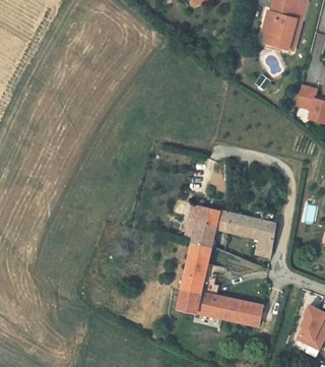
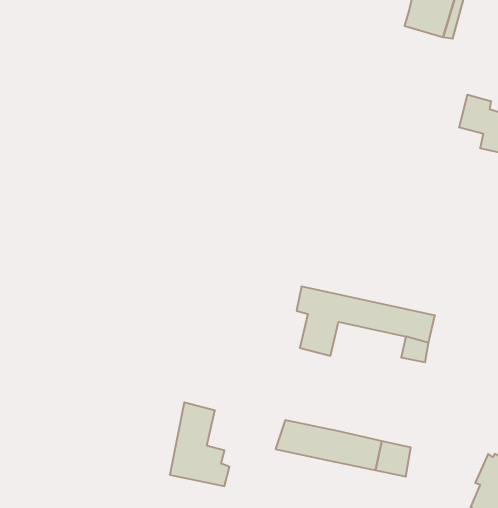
building: [184,242,221,295] -> [170,402,229,486]

